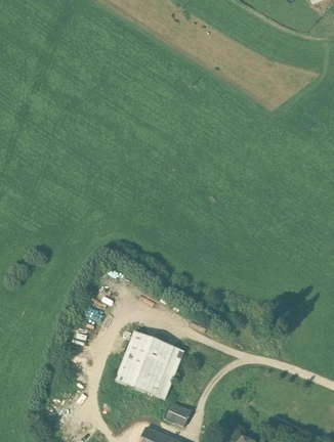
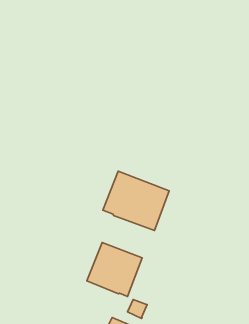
building: none -> [103,171,169,231]

